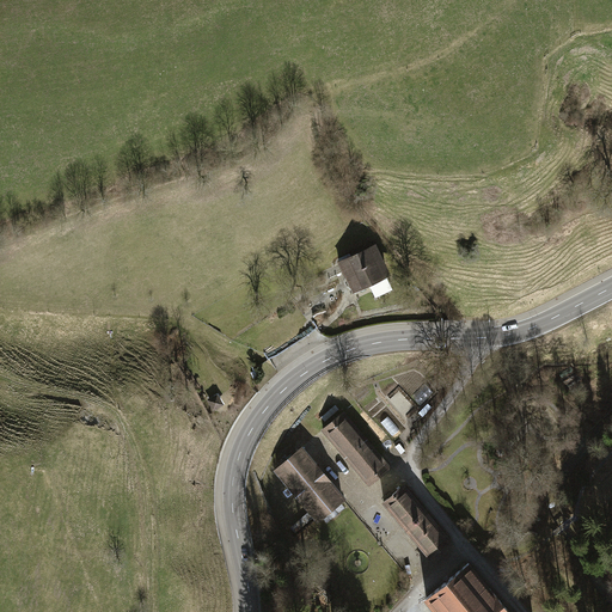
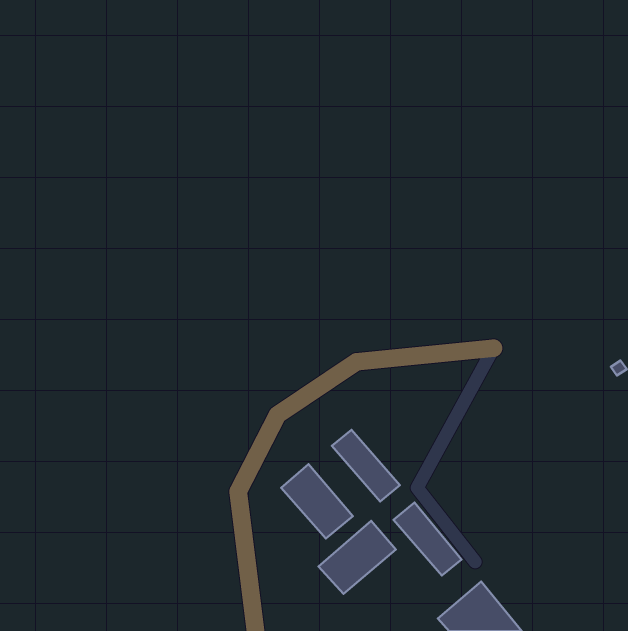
building: [337,245,388,292] -> none
building: none -> [319,521,396,594]

